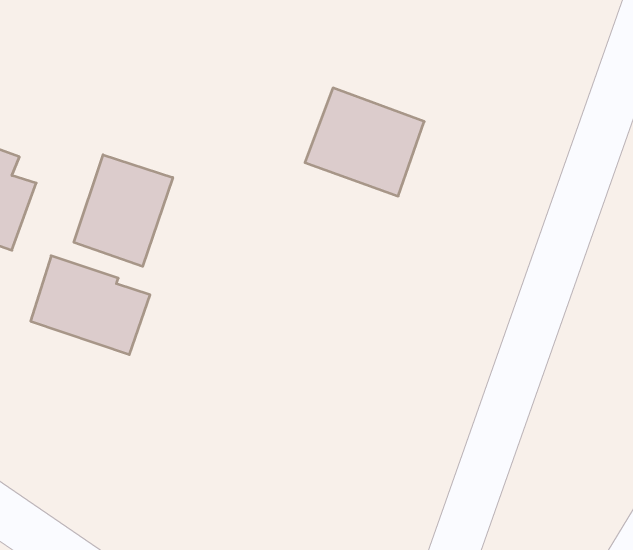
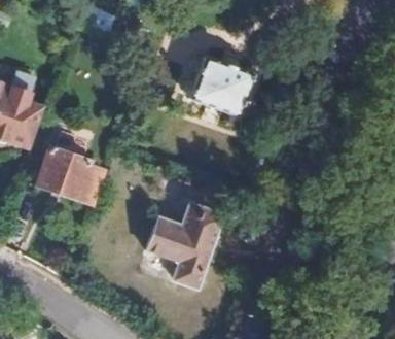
building: [74,155,173,266] -> none
building: none -> [146,203,219,285]

